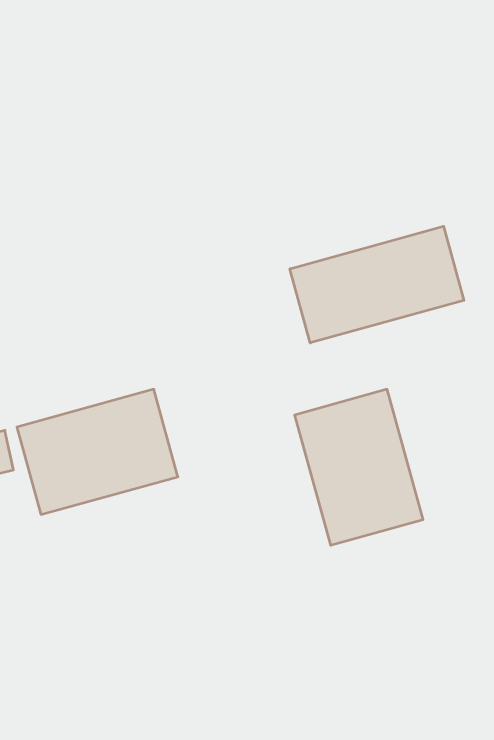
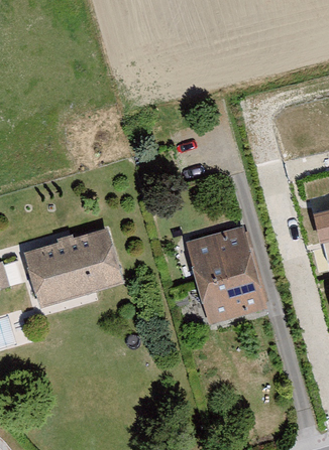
building: [290,226,464,343] -> none

